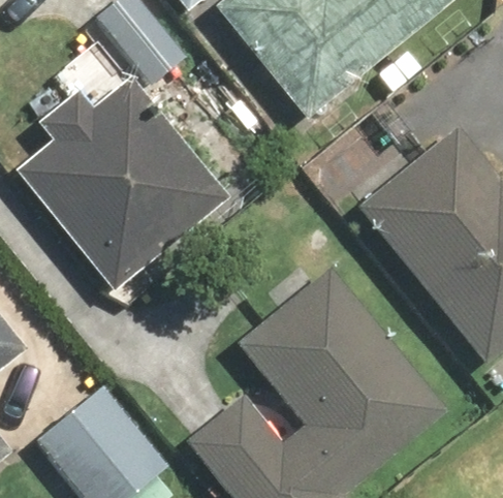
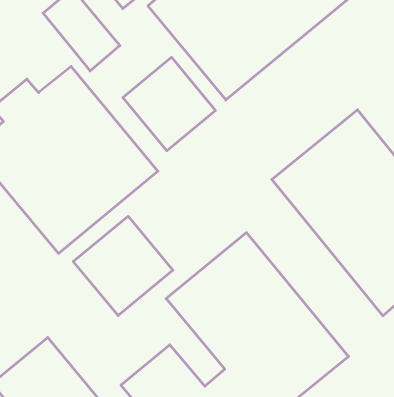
building: none -> [123,57,215,151]
building: none -> [73,216,173,316]

